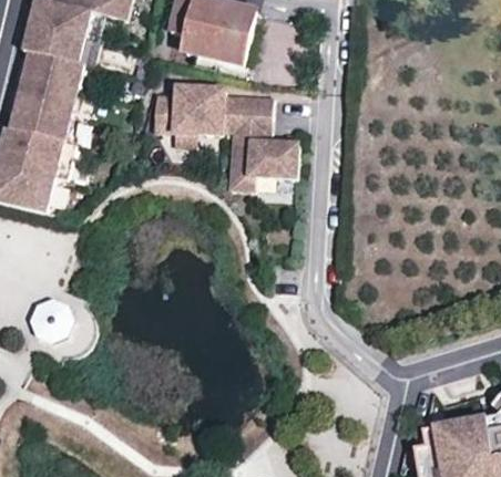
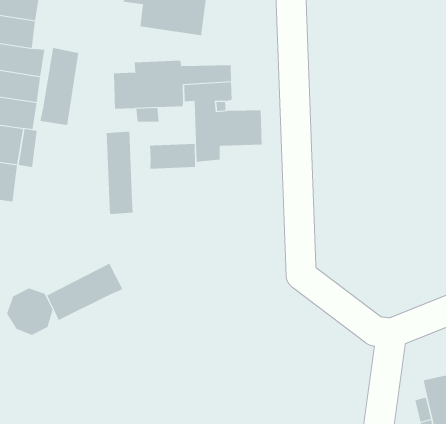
building: none -> [40,47,79,126]
building: none -> [106,131,133,215]
building: none -> [149,143,195,169]
building: none -> [47,263,123,321]

